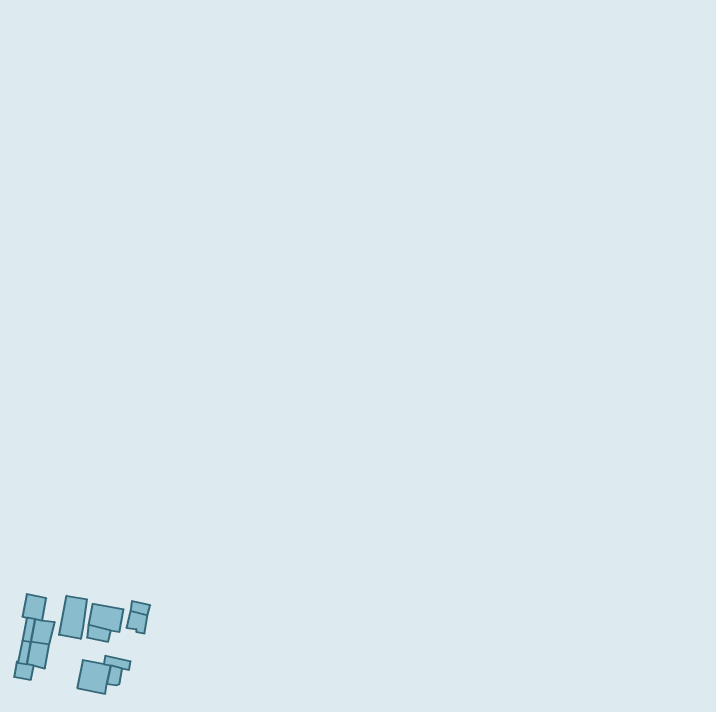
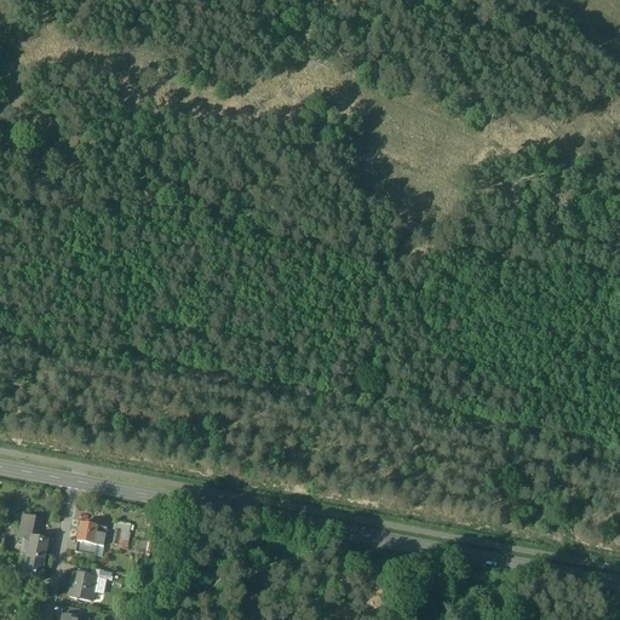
building: [59,596,87,639] -> none

